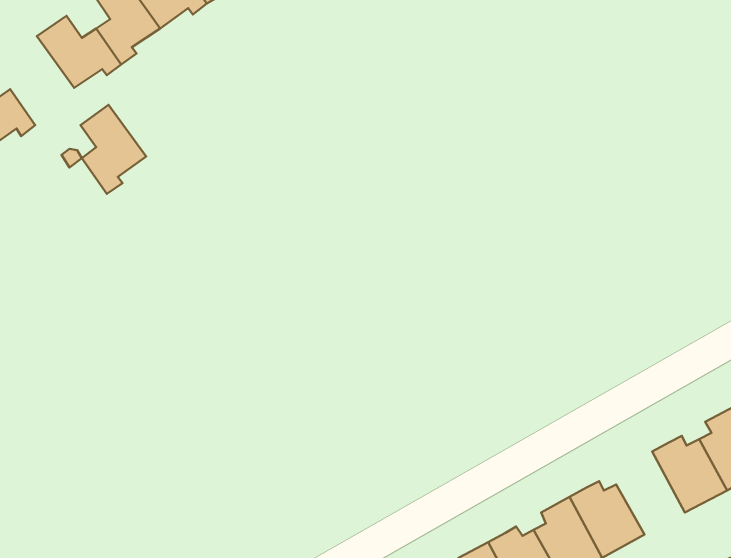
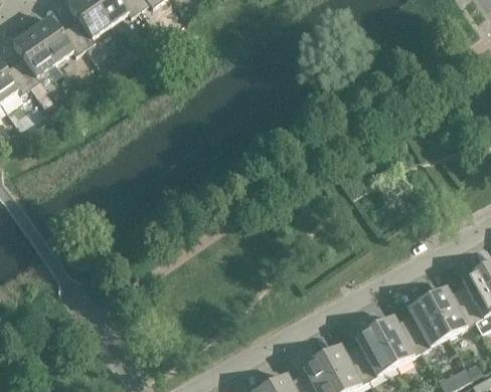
building: [80,105,146,194] -> [12,29,54,86]
building: none -> [403,297,448,350]

